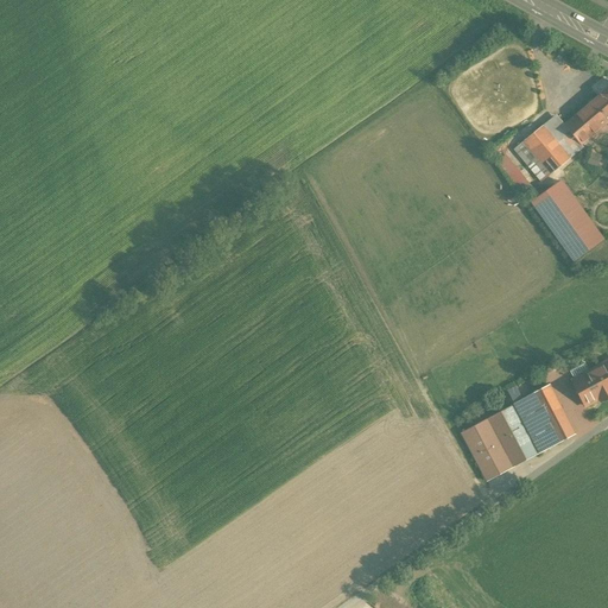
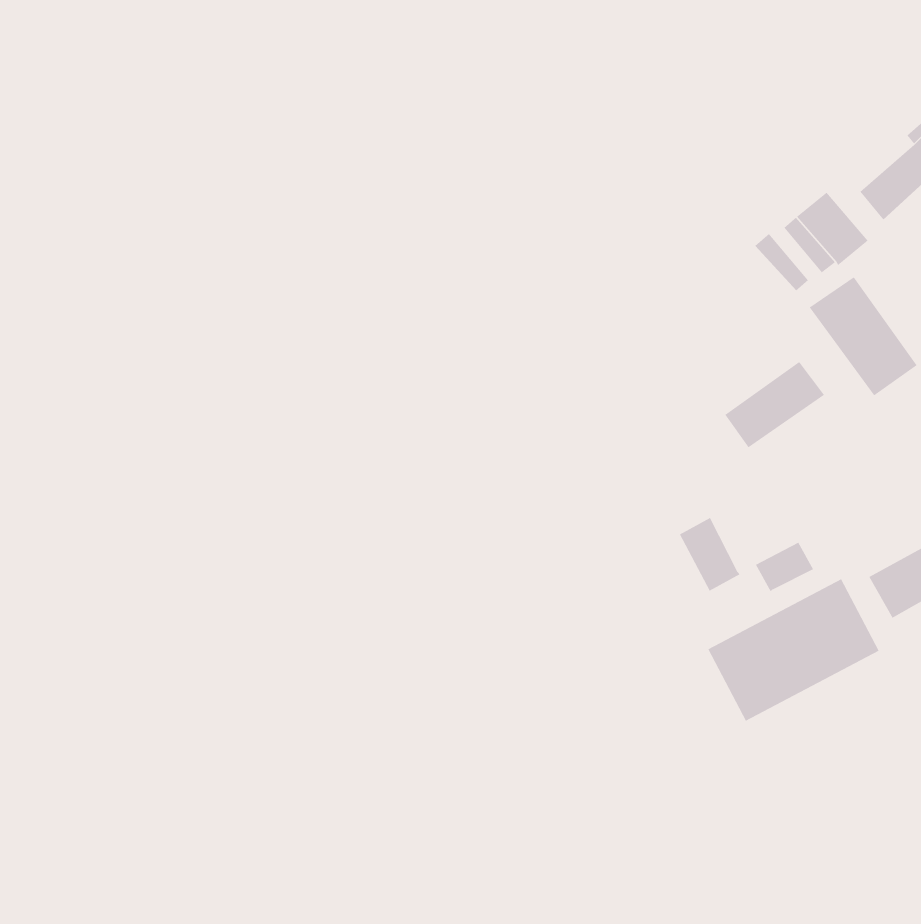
building: none -> [724,361,825,448]
building: none -> [679,517,741,592]
building: none -> [755,542,814,592]

